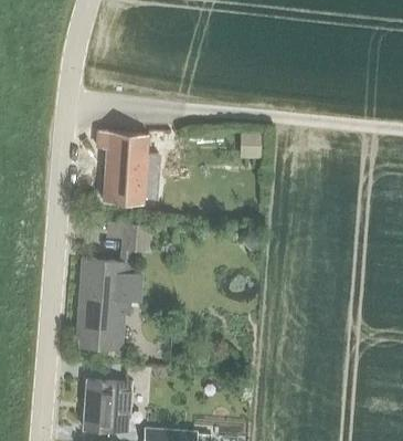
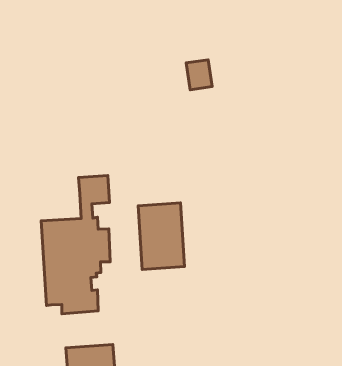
building: [95,132,158,206] -> none
building: none -> [138,203,184,269]

